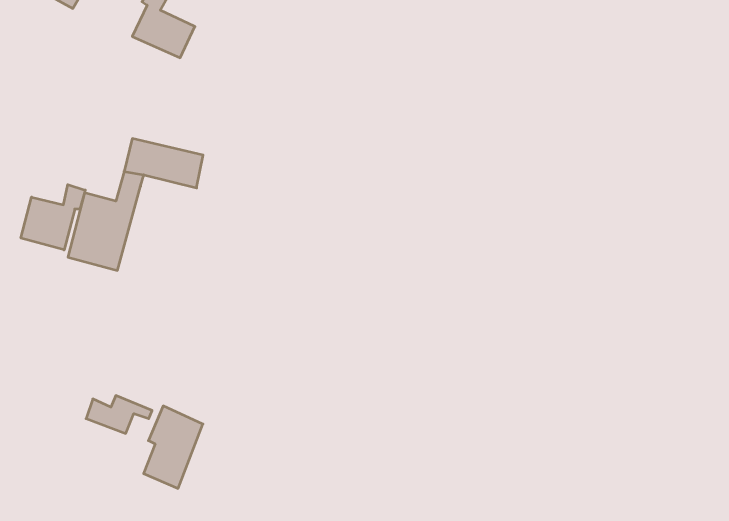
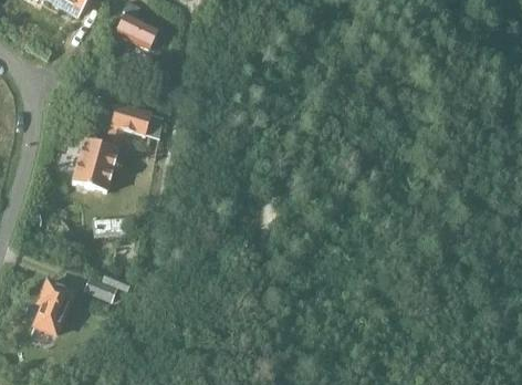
building: [21,185,85,250] -> none
building: [144,406,203,488] -> [33,281,73,336]

